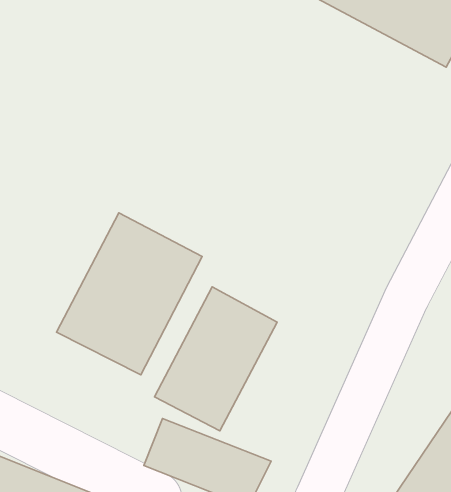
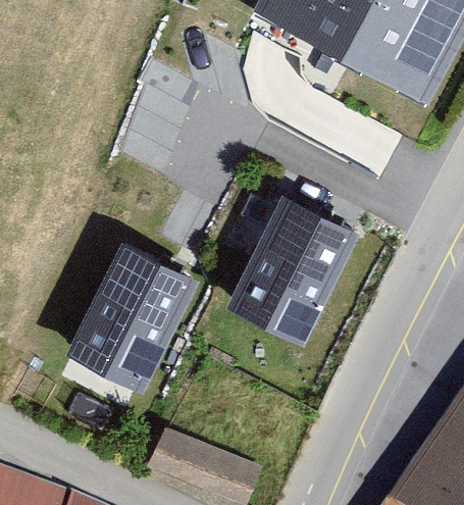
building: none -> [226,199,359,349]
building: [154,287,277,431] -> none

